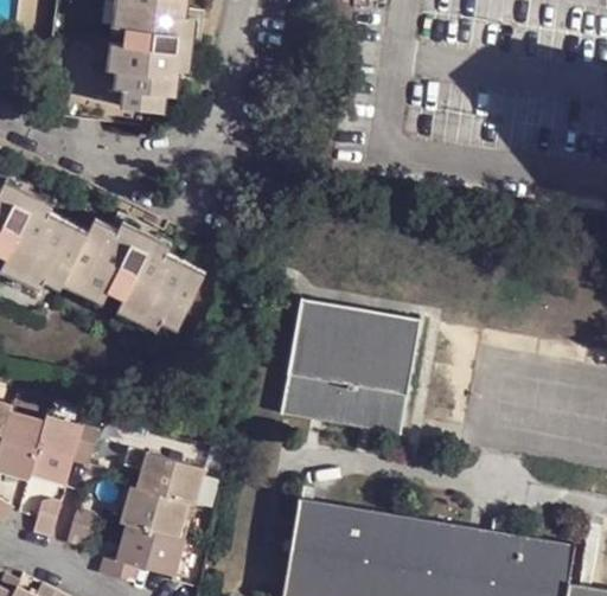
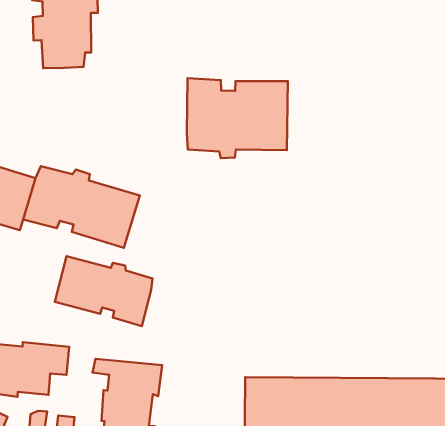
building: none -> [187,78,288,158]
building: [279,297,422,437] -> none
building: none -> [55,256,153,326]

